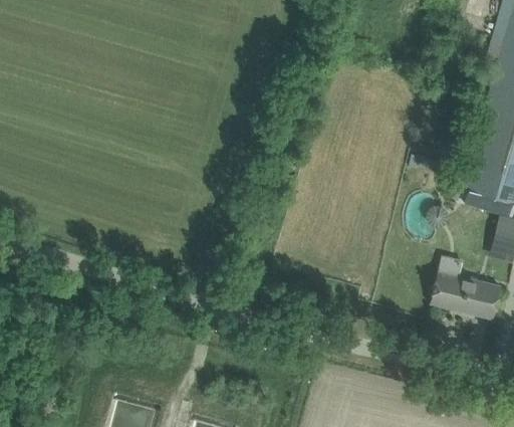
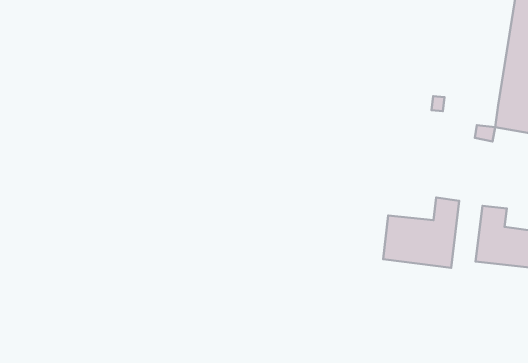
building: none -> [383,198,459,268]

